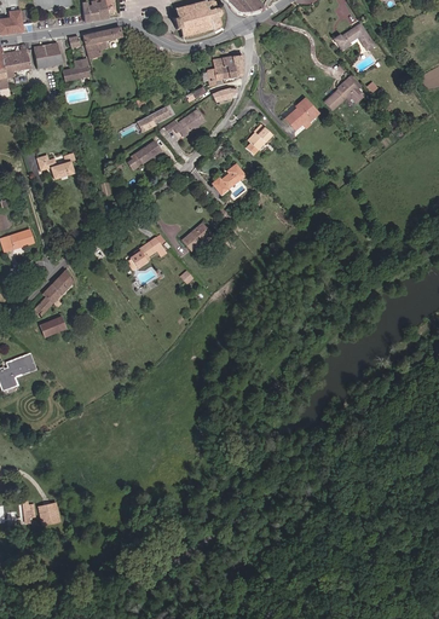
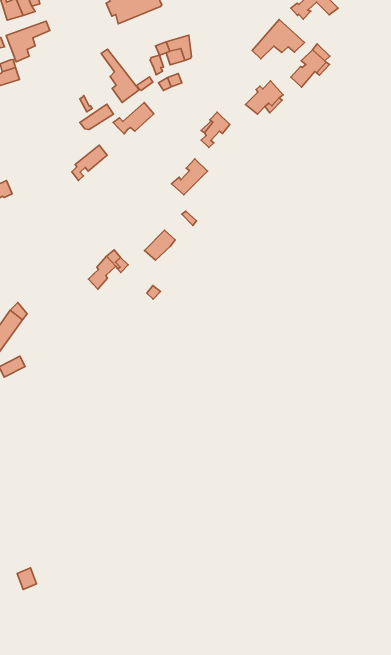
building: none -> [252,19,304,59]
building: none -> [101,49,139,103]

